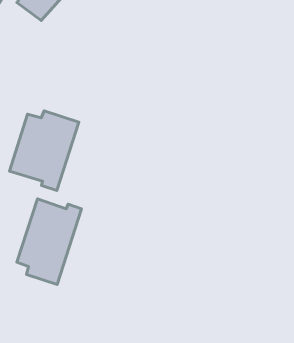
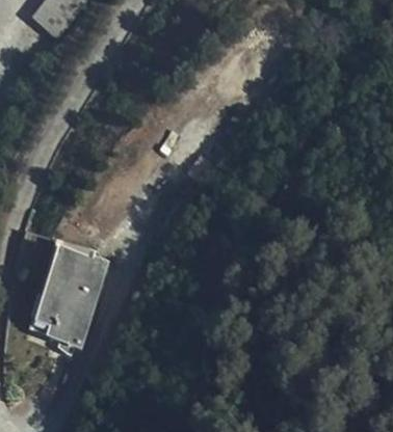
building: [10,111,79,190] -> none

